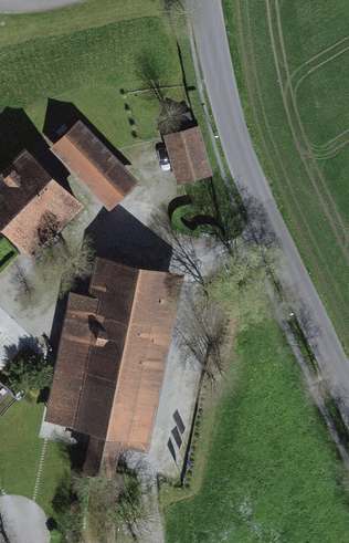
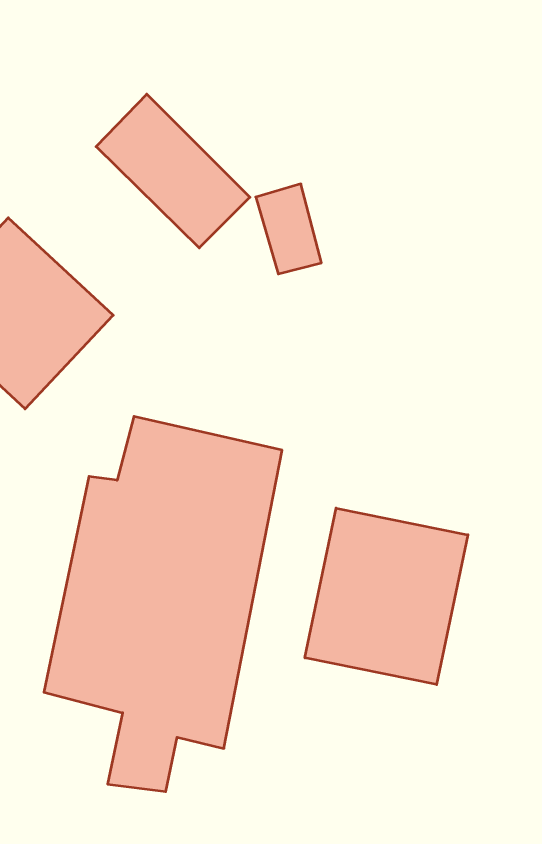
building: [45,121,136,211] -> [96,94,250,248]
building: none -> [305,508,468,685]

